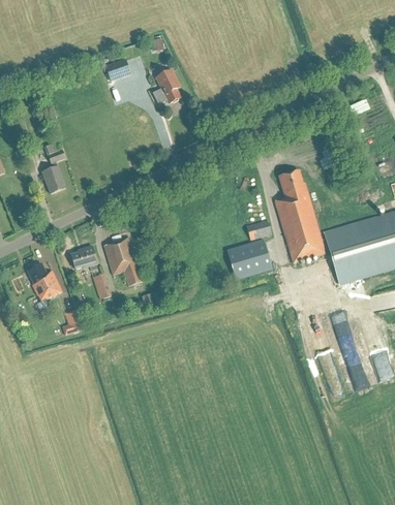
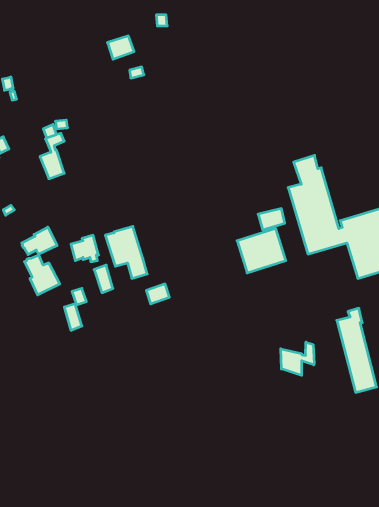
building: [156,69,181,102] -> none
building: none -> [22,227,57,255]
building: none -> [281,342,314,375]

